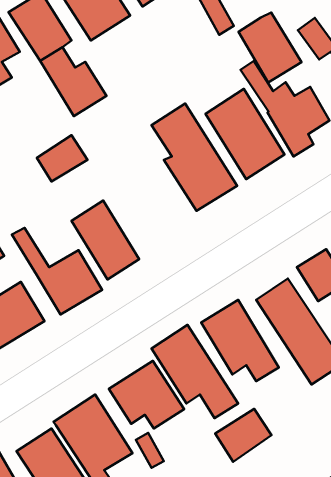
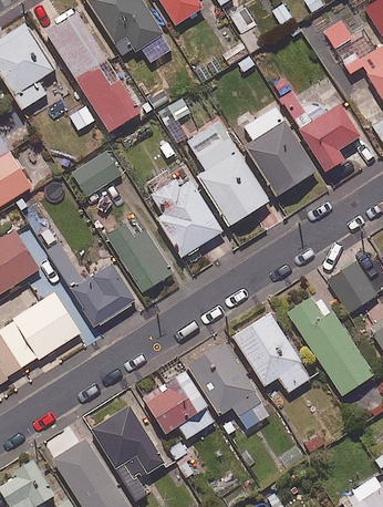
building: [239,12,301,82] -> none
building: none -> [151,173,222,256]
building: [215,409,272,462] -> none

